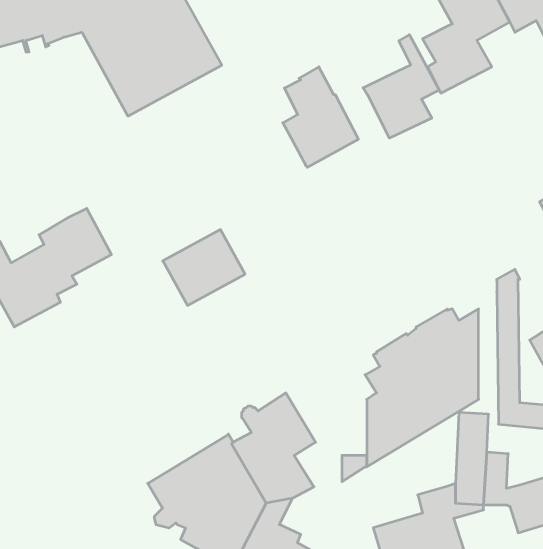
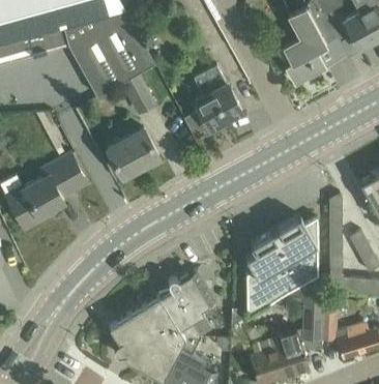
building: [363,35,439,138] -> none
building: none -> [123,77,155,116]
building: [163,230,245,305] -> [107,130,158,178]

